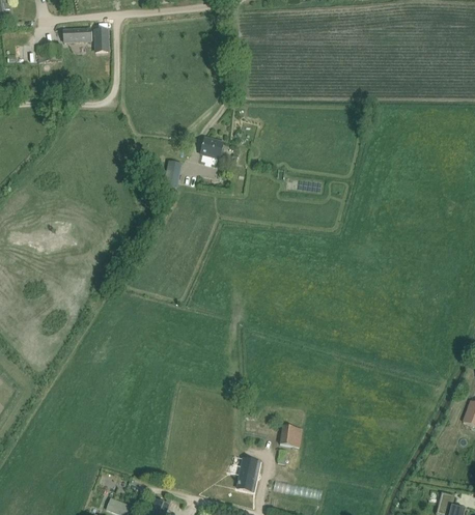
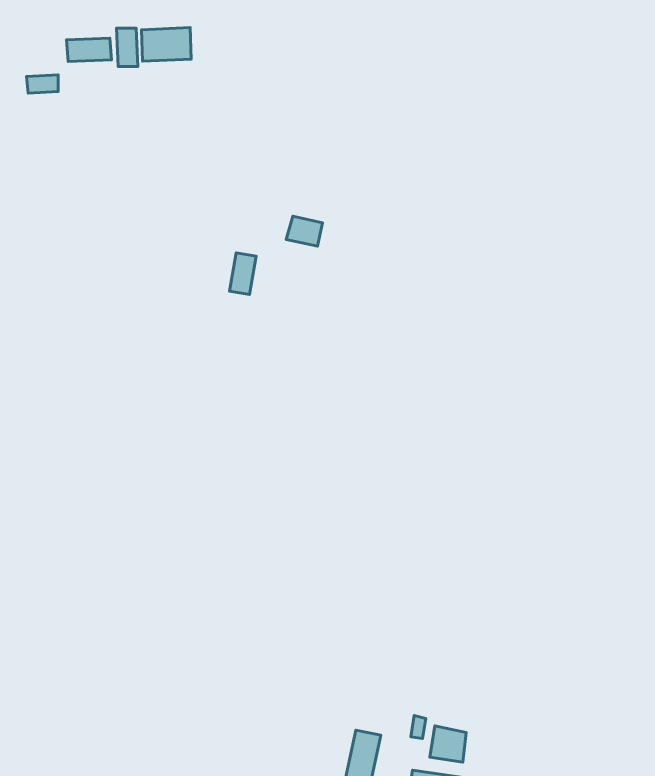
building: none -> [141,28,191,61]
building: [279,425,302,448] -> [430,726,466,762]

